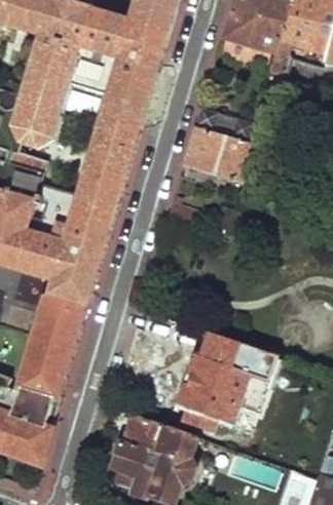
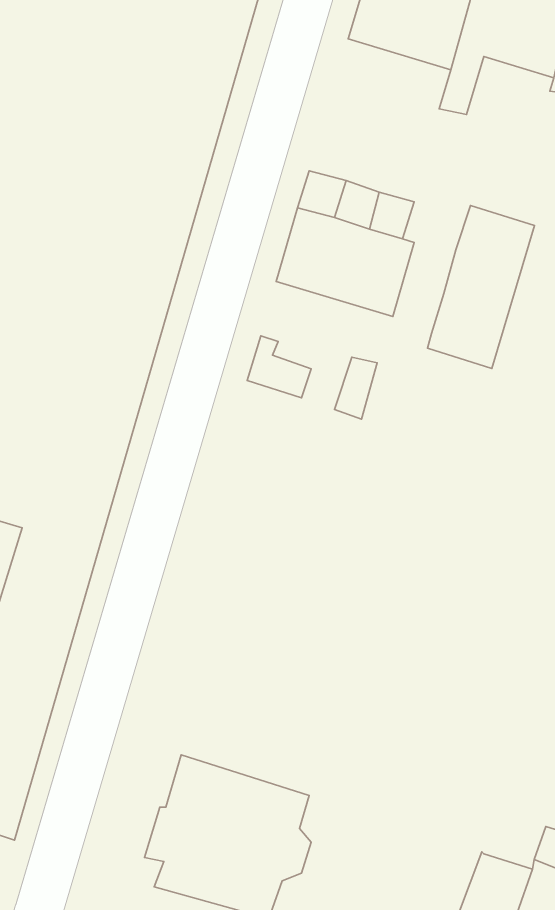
building: none -> [428,205,535,368]
building: [181,334,276,420] -> none

